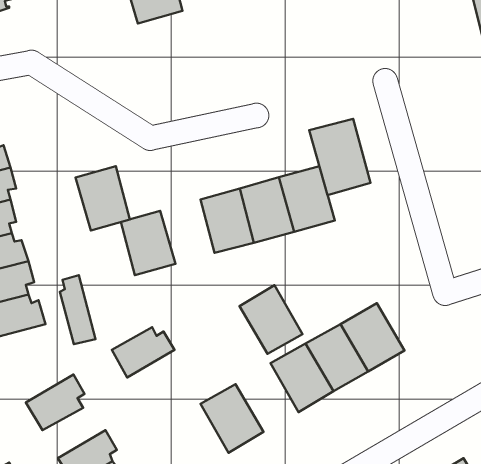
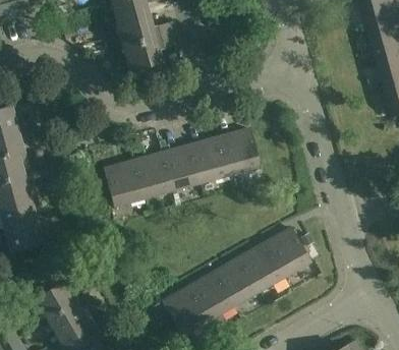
building: none -> [117,13,179,70]
building: [309,119,371,195] -> none
building: [75,166,130,231] -> [133,151,173,197]
building: [60,275,96,344] -> none
building: [240,285,302,354] -> [188,270,234,319]
building: [112,327,175,378] -> [48,302,94,339]

